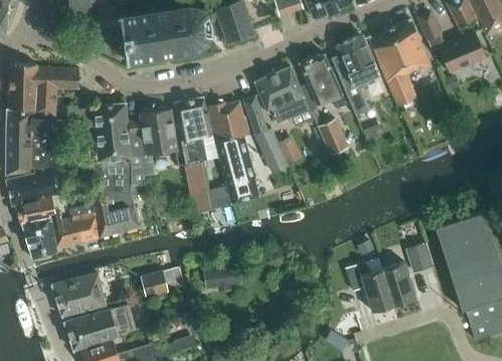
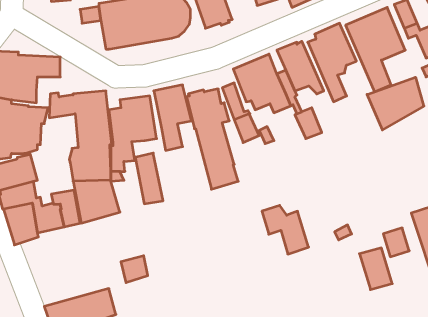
building: none -> [367,77,424,130]
building: [185,161,213,212] -> [135,153,163,204]
building: [346,263,393,313] -> [262,205,309,254]
building: [201,265,241,292] -> none
building: [51,274,106,318] -> none

